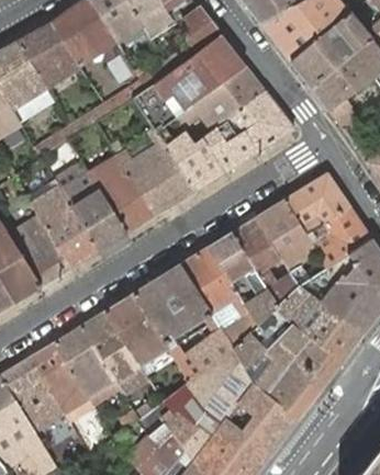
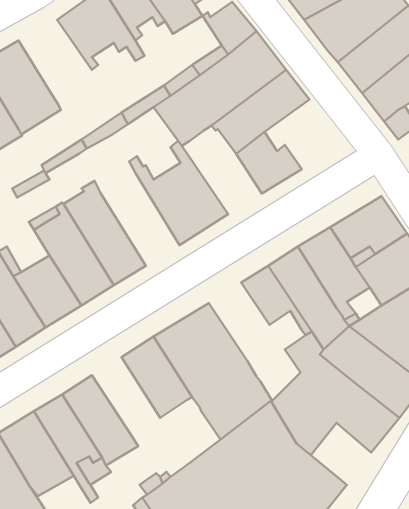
building: [18,24,80,88] -> none
building: [227,92,294,151] -> none
building: [157,127,225,190] -> none
building: [88,155,155,234] -> none
building: [180,248,258,349] -> none
building: [80,312,148,394] -> none
building: [267,367,318,420] -> none

